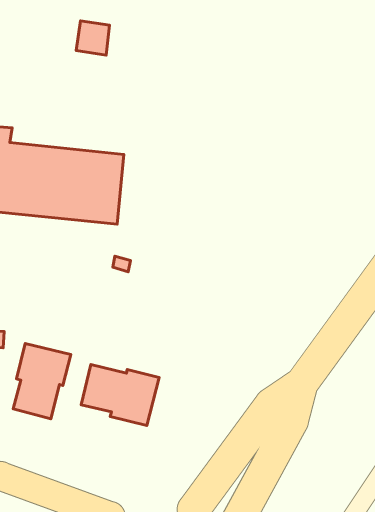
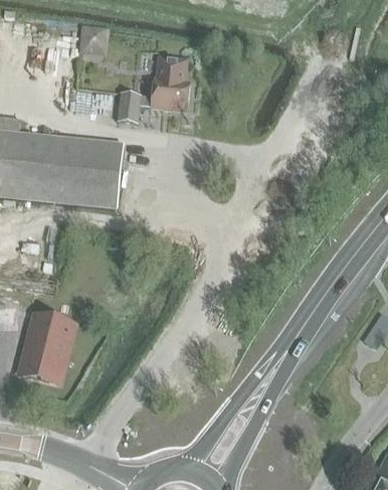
building: none -> [116,56,188,123]
building: [81,365,159,426] -> none

